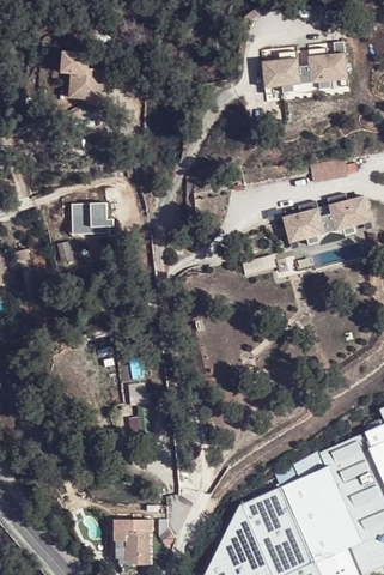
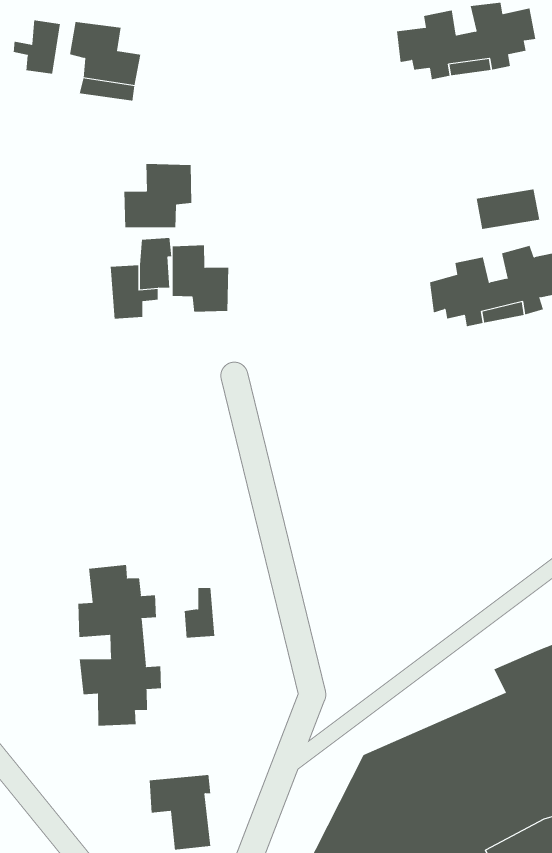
building: none -> [13,19,61,75]
building: none -> [124,163,192,228]
building: none -> [172,245,229,312]
building: none -> [78,564,161,727]

